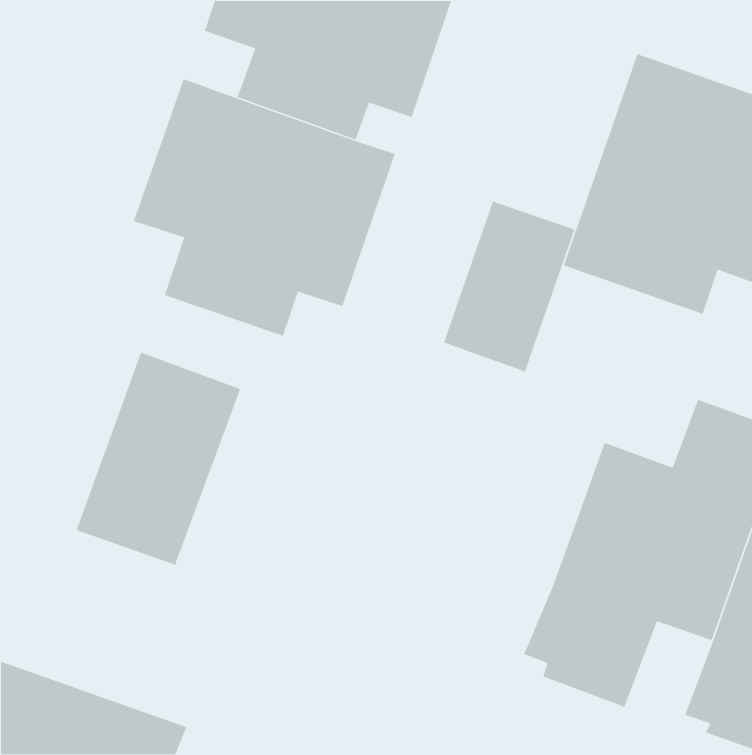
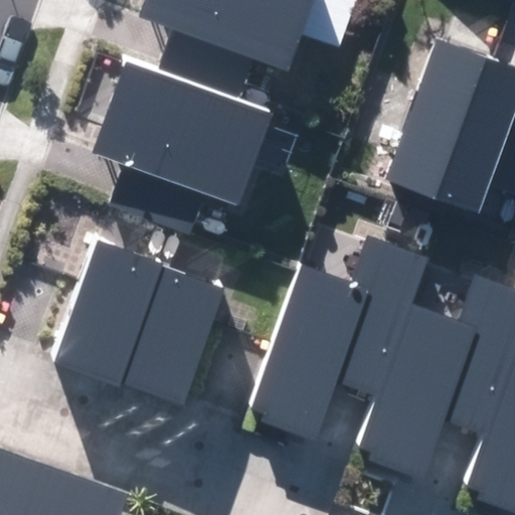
building: [443,200,576,373] -> none
building: none -> [248,235,431,442]
building: none -> [123,268,226,404]

